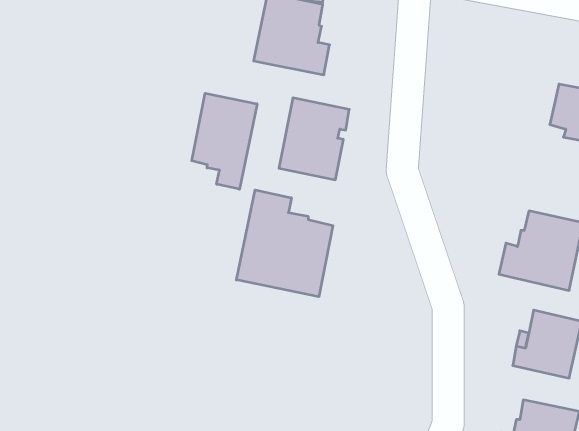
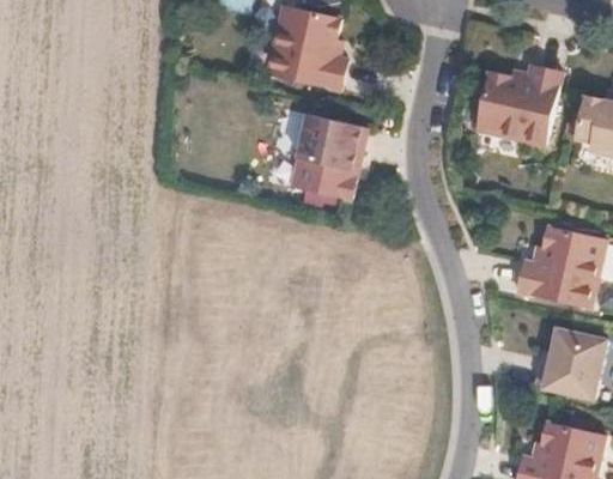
building: none -> [474,66,560,146]
building: [192,93,257,189] -> none
building: [236,190,333,297] -> none

